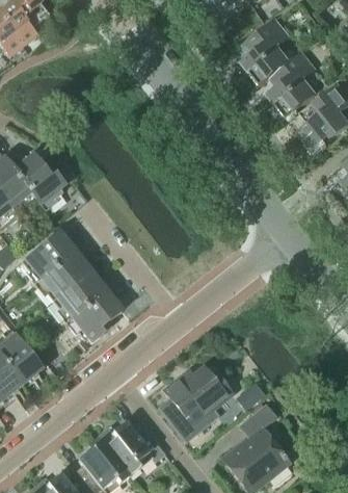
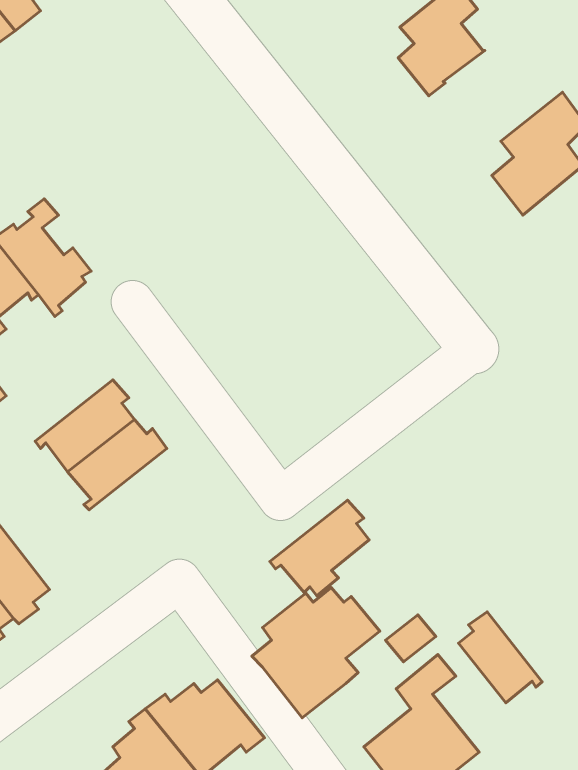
building: [268,49,315,115] -> none
building: [20,229,78,282] -> none
building: [64,286,122,341] -> [270,500,369,596]
building: none -> [459,612,542,703]

